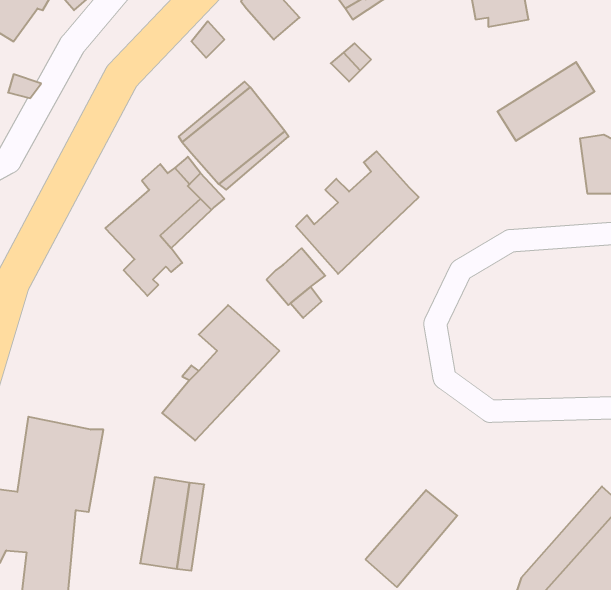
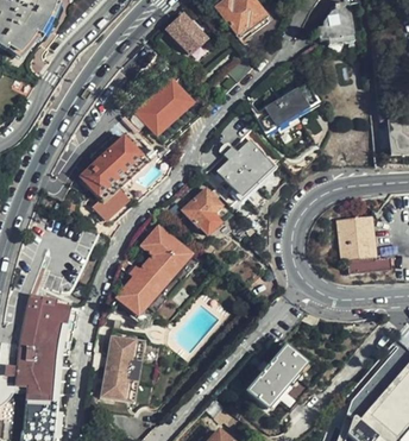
building: [497,62,595,141] -> [254,81,317,132]
building: none -> [339,214,391,273]

